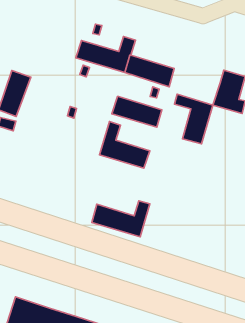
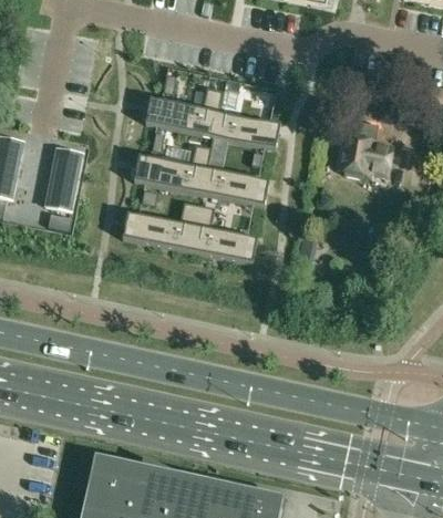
building: none -> [133,145,212,194]
building: [175,94,213,144] -> none
building: [92,201,150,237] -> [122,203,198,251]

